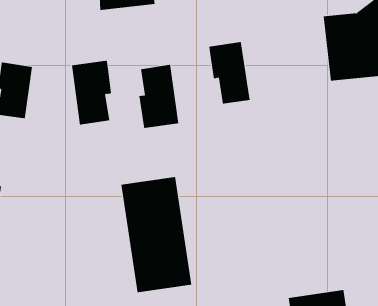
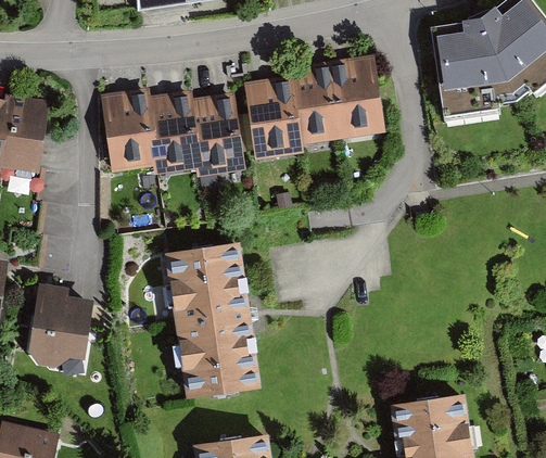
building: none -> [327,58,383,142]
building: none -> [241,78,302,164]
building: none -> [145,92,196,178]
building: none -> [26,280,91,365]

